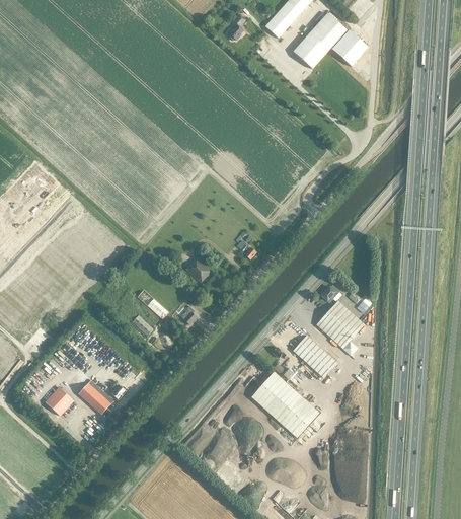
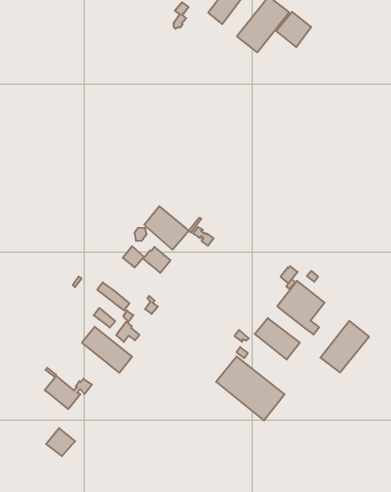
building: none -> [144,206,189,250]
building: none -> [82,327,132,373]
building: none -> [320,321,369,372]
building: [45,386,74,415] -> [46,428,75,456]

